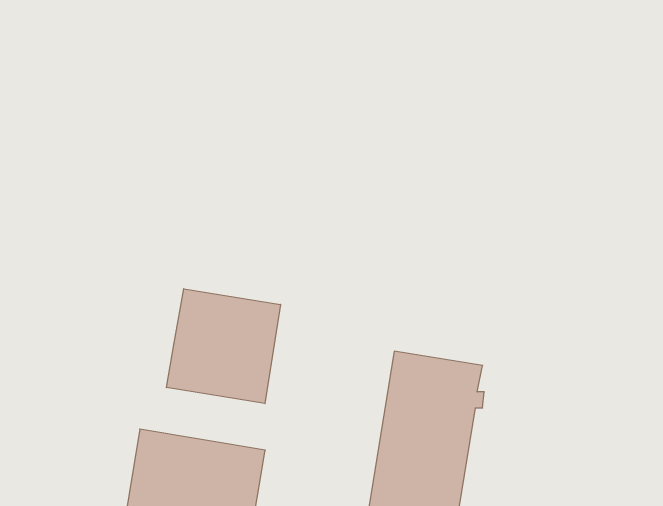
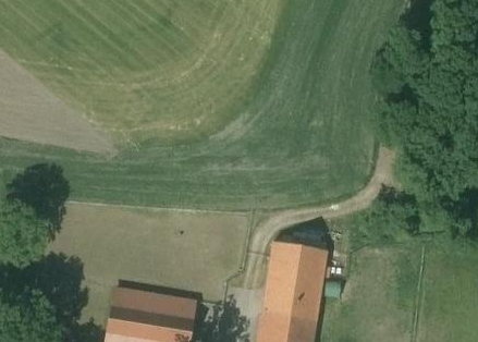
building: [167,289,281,404] -> none

